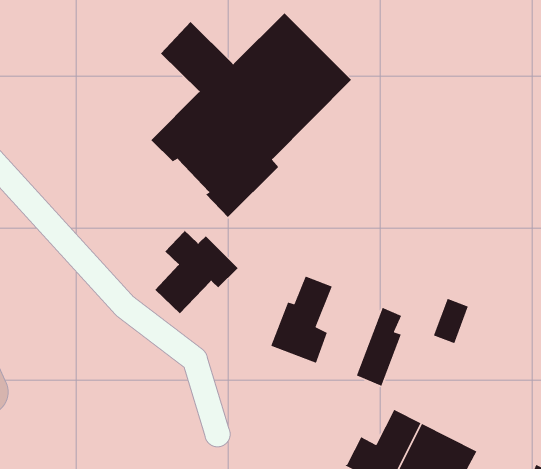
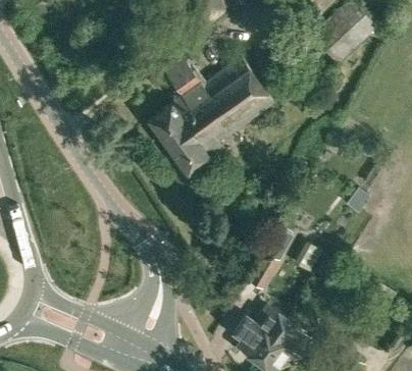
building: [154,230,239,314] -> none
building: [270,276,333,364] -> none

